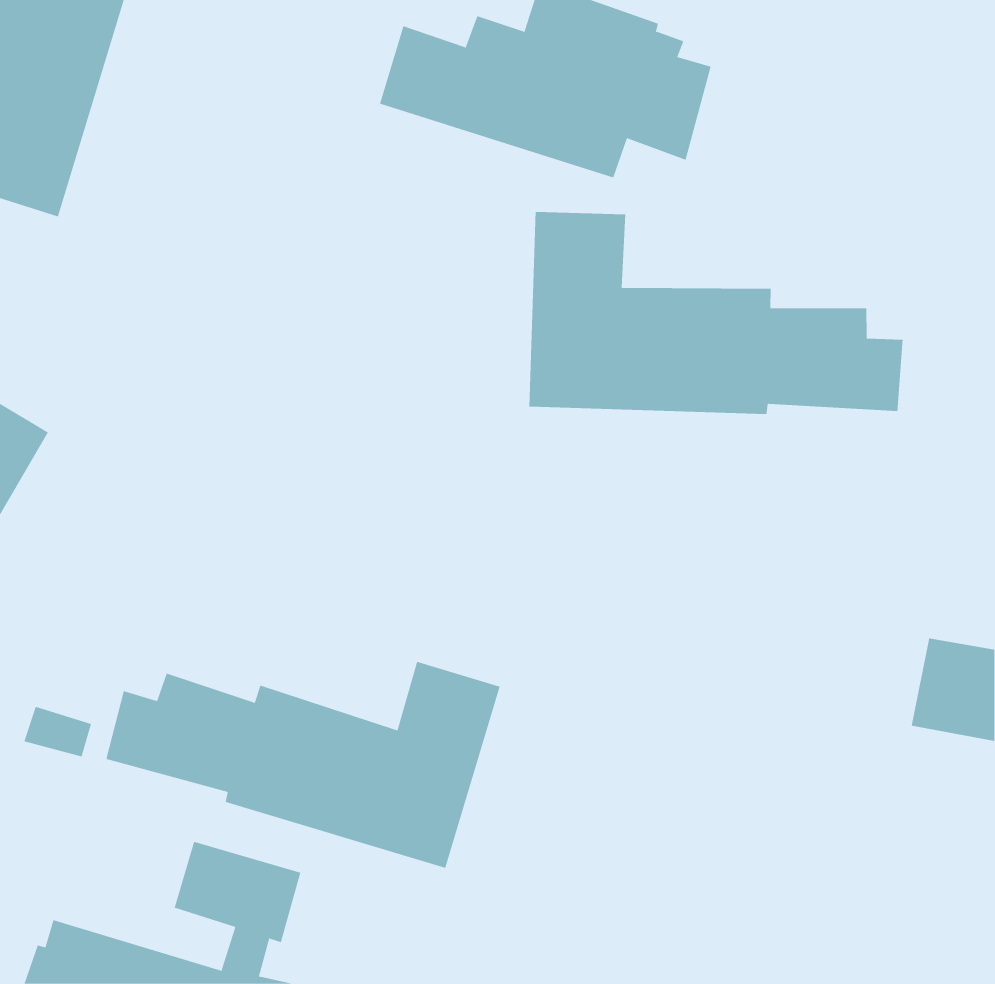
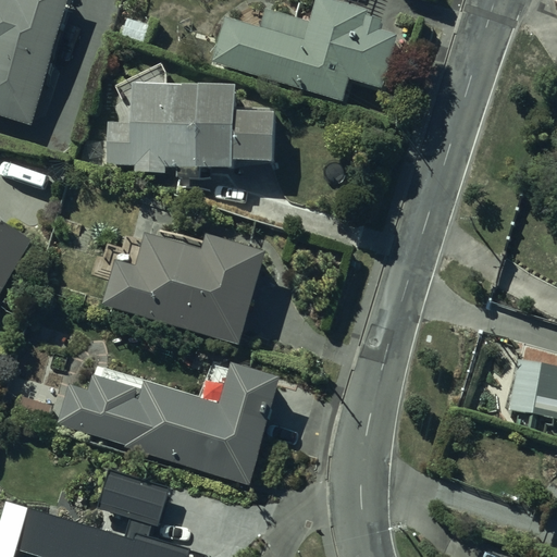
building: none -> [106,85,273,176]
building: [529,211,903,415] -> none
building: none -> [102,235,264,346]

